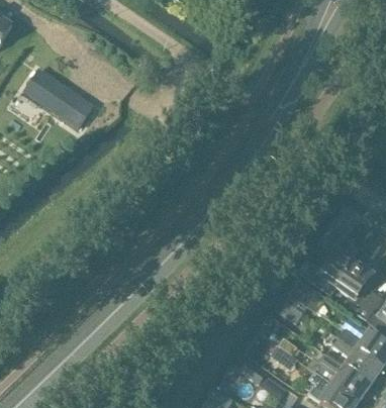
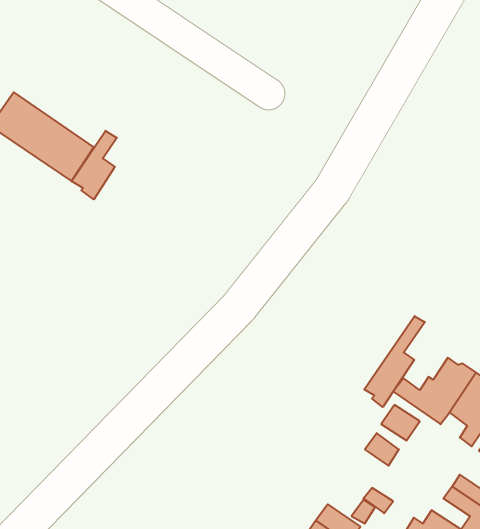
building: none -> [72,131,117,199]
building: none -> [364,316,425,407]

